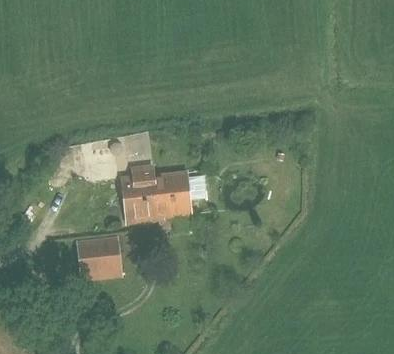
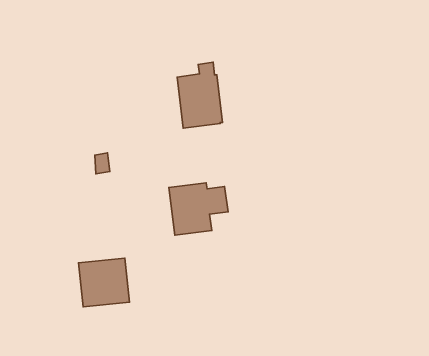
building: [121,164,160,221] -> [177,62,223,128]

